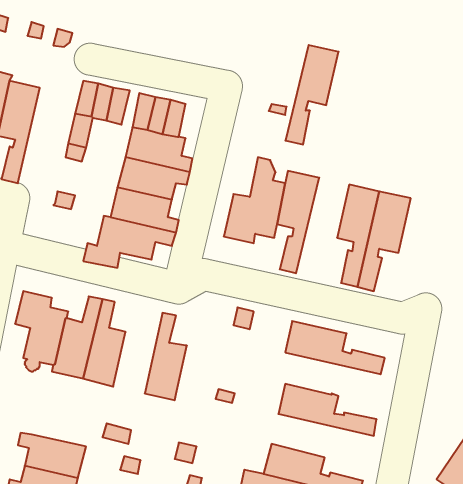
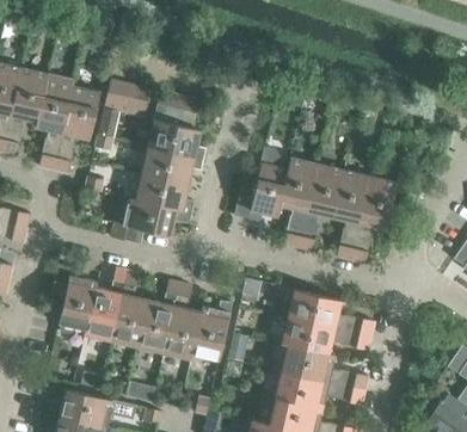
building: [285,45,339,145] -> [297,163,344,251]
building: none -> [54,85,100,172]
building: none -> [137,279,180,352]
building: none -> [192,300,233,358]
building: none -> [282,316,371,353]
building: none -> [276,370,365,408]

